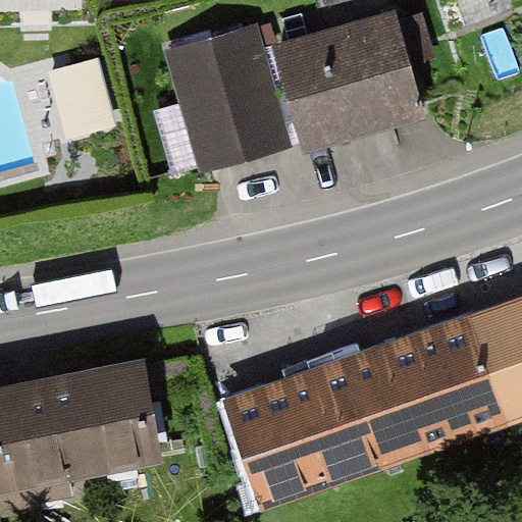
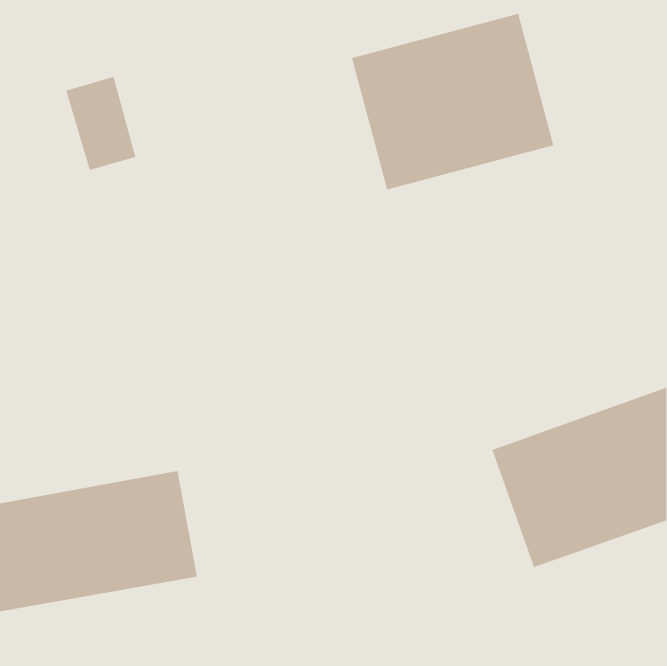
building: [164,21,286,165] -> none
building: [230,350,415,495] -> none

